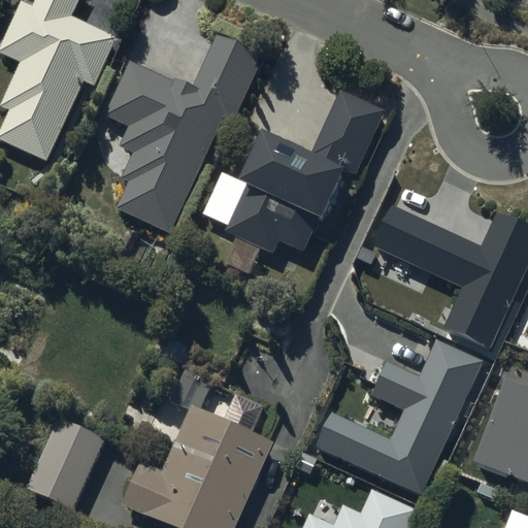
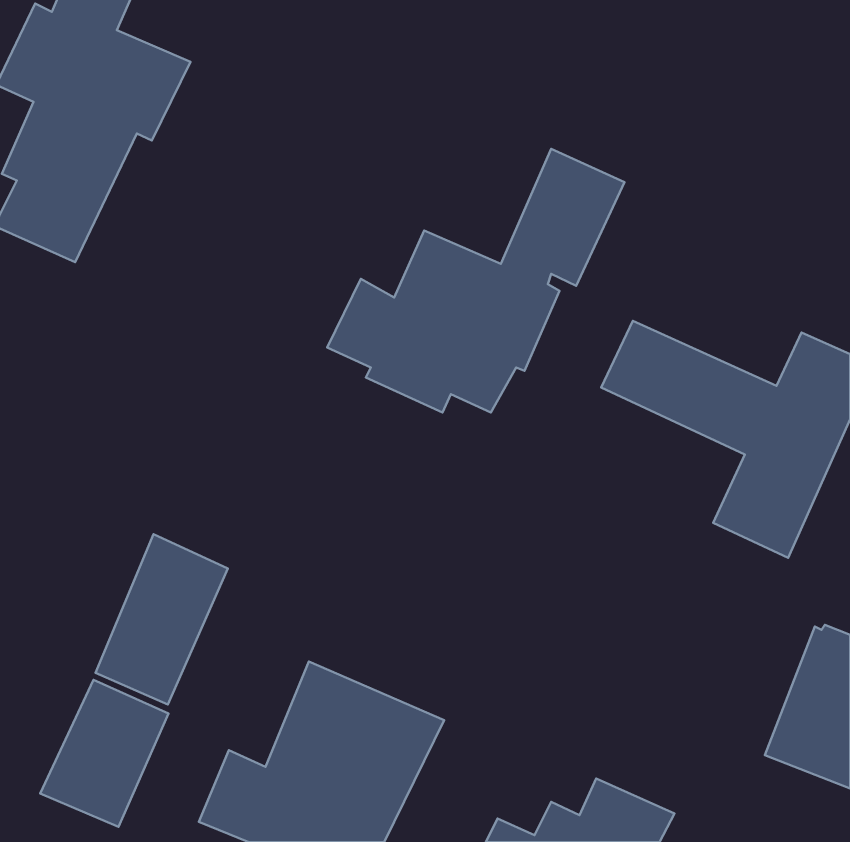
building: [105,37,264,233] -> none
building: none -> [95,534,228,705]
building: [315,330,482,488] -> none

